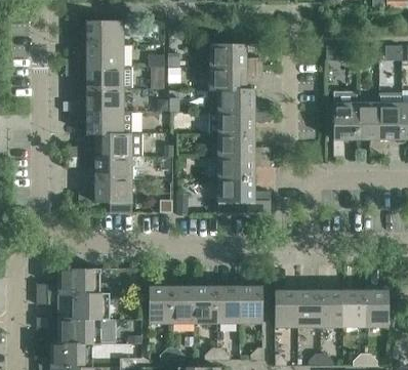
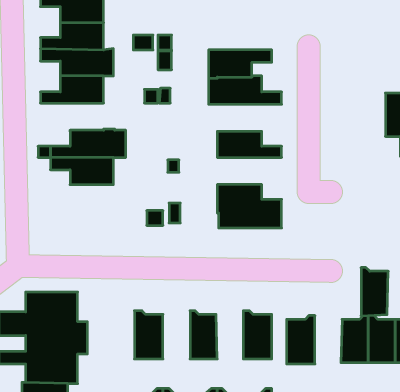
building: [210,43,262,67] -> none
building: [333,102,357,155] -> none
building: [71,111,132,134] -> none
building: [210,112,271,134] -> none
building: [217,156,271,178] -> none
building: [79,178,132,202] -> none
building: [172,283,195,323] -> none
building: [216,283,239,323] -> none
building: [298,287,321,327] -> [361,268,388,316]

